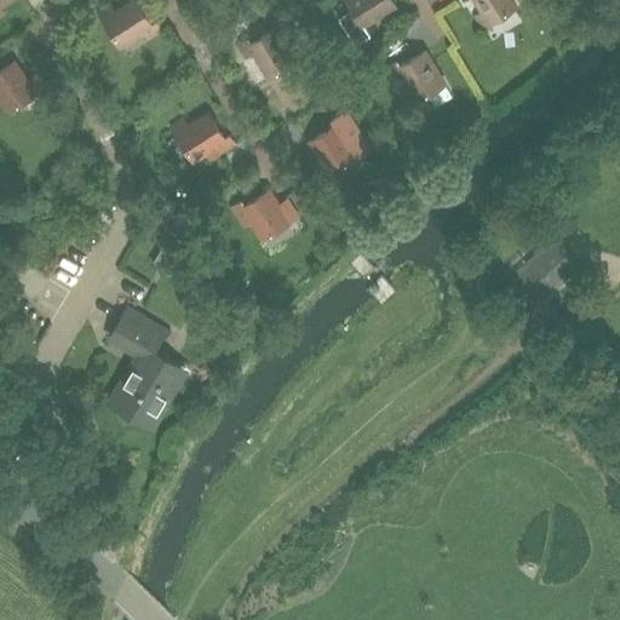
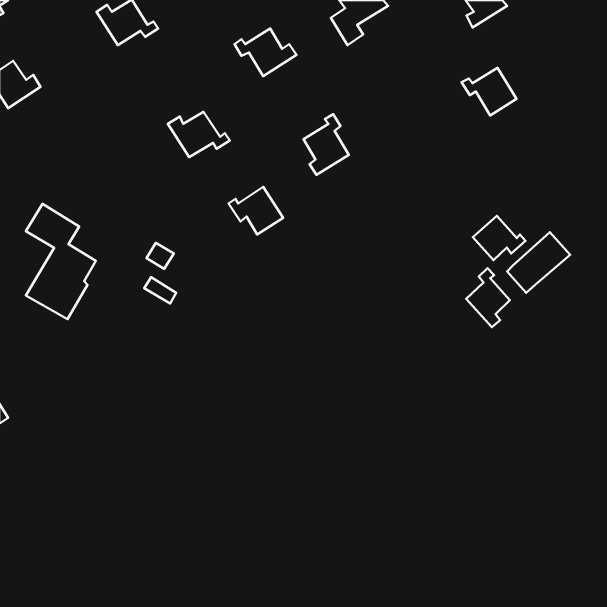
building: [388,53,443,102] -> [462,68,516,115]
building: none -> [473,216,525,260]
building: none -> [466,268,510,327]
building: [109,310,180,427] -> [26,204,96,319]

